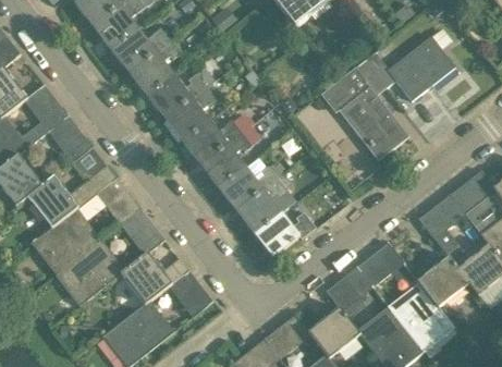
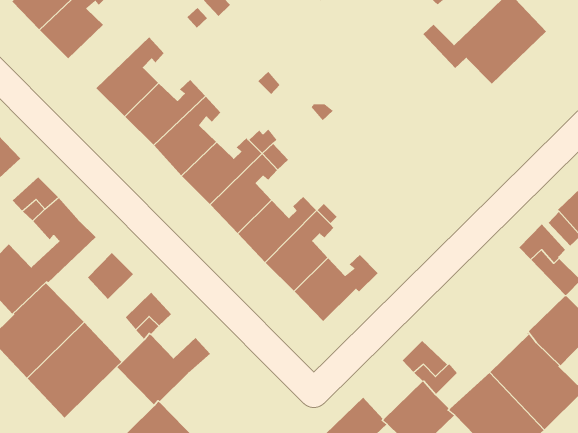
building: [110,26,170,71] -> none
building: [320,58,408,159] -> none
building: [356,252,390,285] -> none
building: [177,282,212,317] -> none

